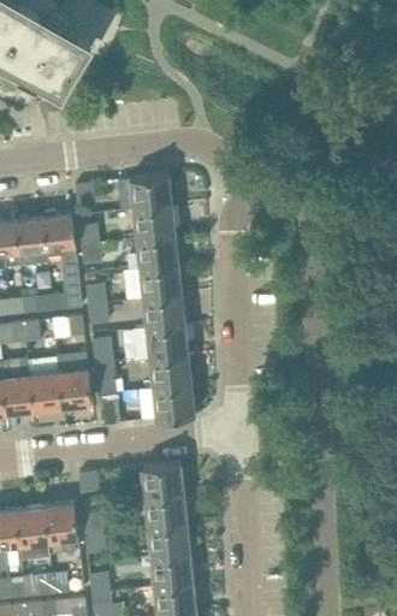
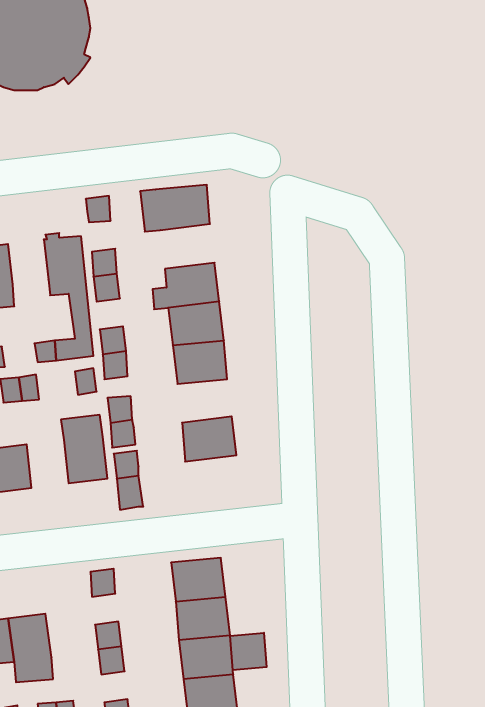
building: [132,206,174,241] -> none
building: [14,218,47,270] -> none
building: [146,326,188,360] -> none
building: [29,373,61,410] -> none
building: [152,385,194,420] -> none
building: [43,505,77,541] -> none
building: none -> [230,633,267,670]

